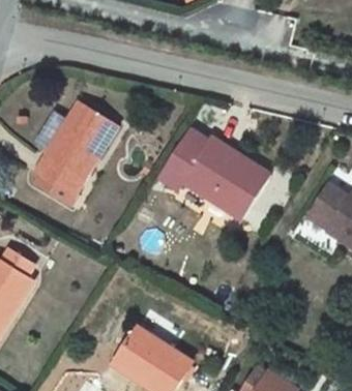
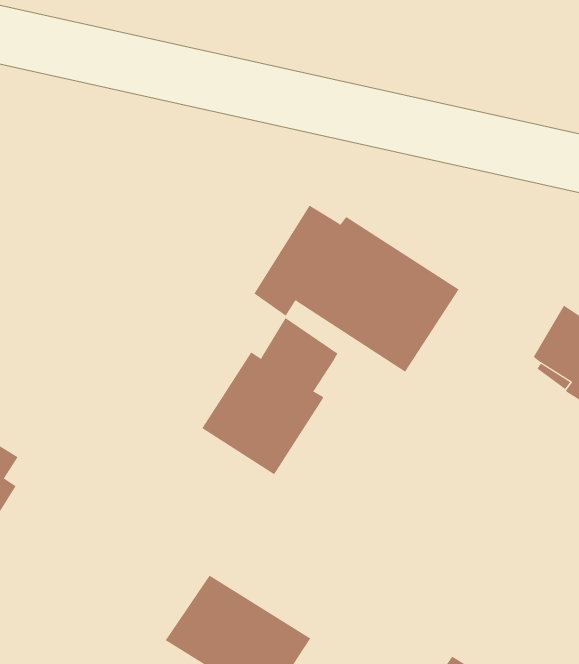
building: [35,103,116,206] -> none
building: none -> [201,317,338,475]

